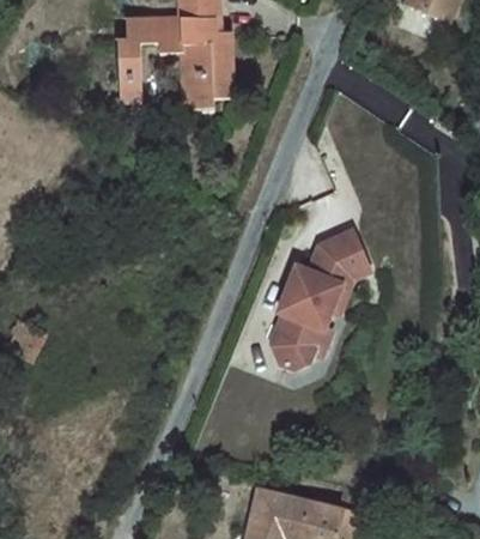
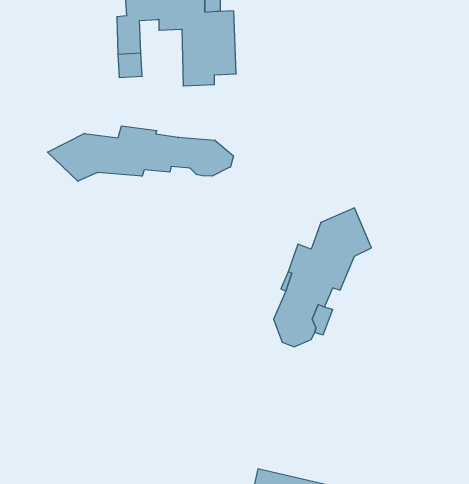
building: none -> [47,126,233,181]

